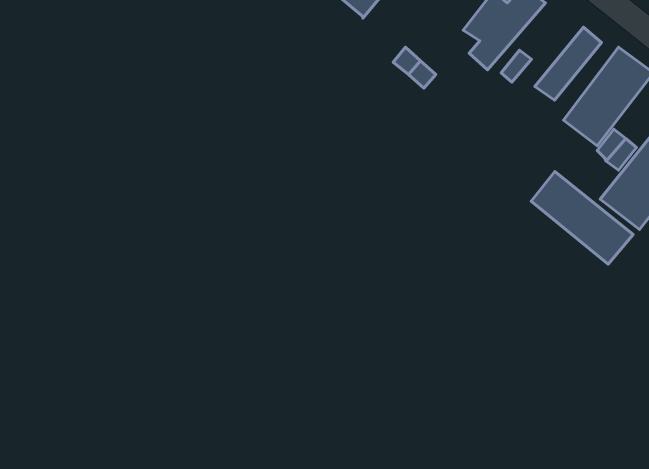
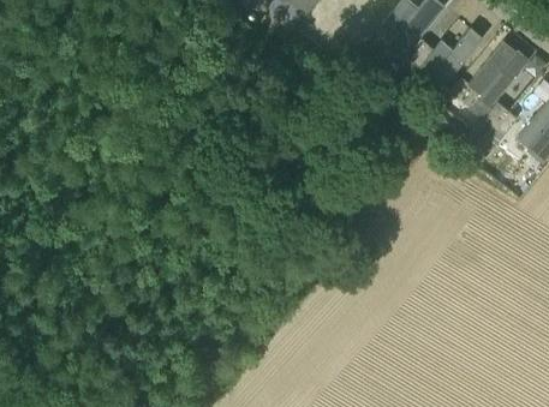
building: [531,172,633,264] -> none

